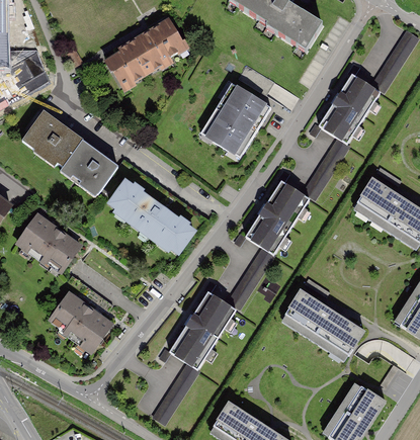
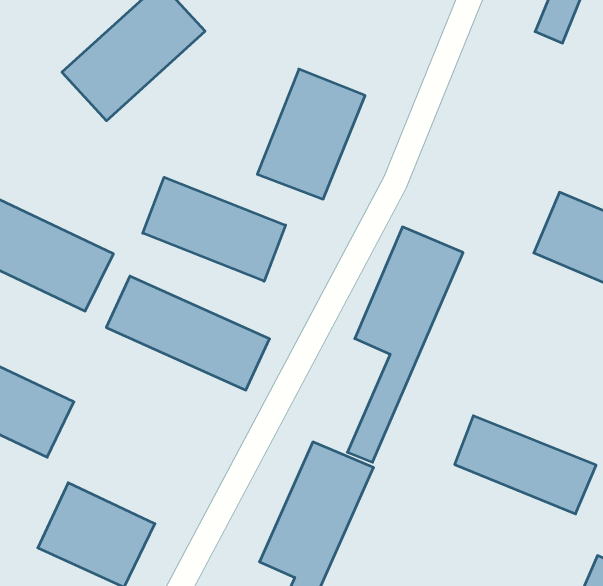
building: [304,75,386,199] -> none
building: none -> [143,177,286,281]

